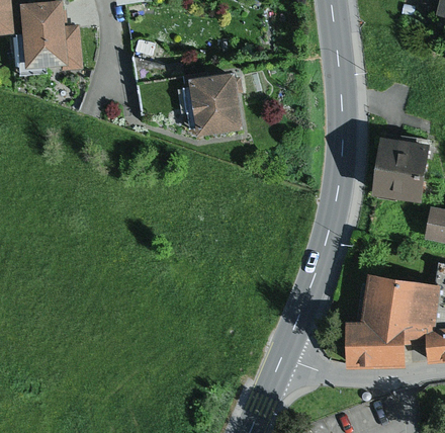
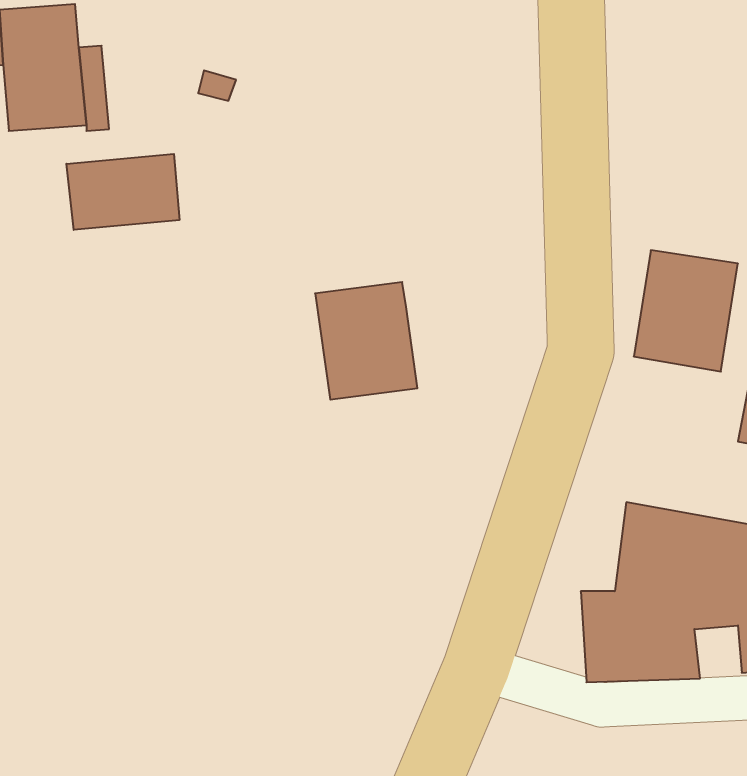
building: [187,73,242,136] -> [315,282,417,400]
building: none -> [66,154,179,230]

